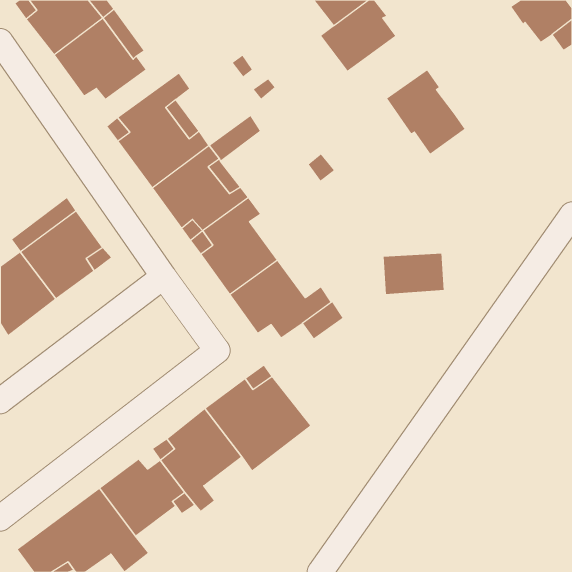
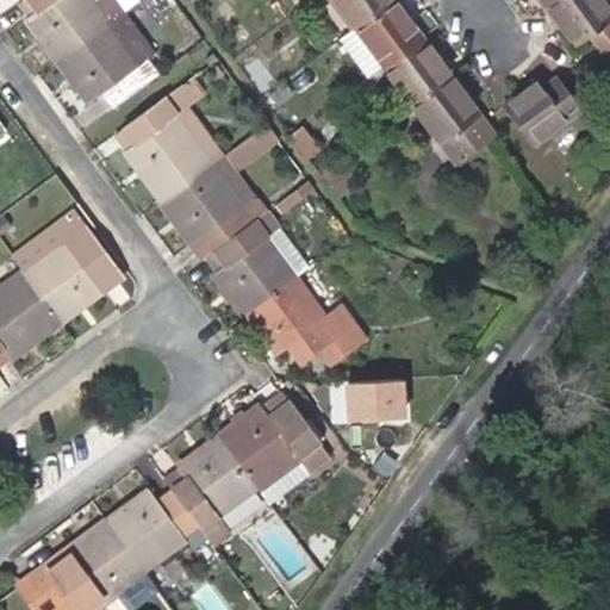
building: none -> [382,38,455,105]
building: none -> [499,79,577,148]
building: [383,253,444,295] -> [351,374,417,418]

